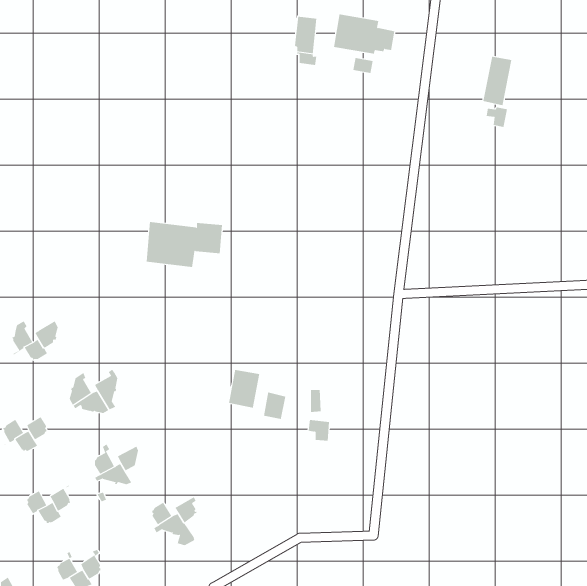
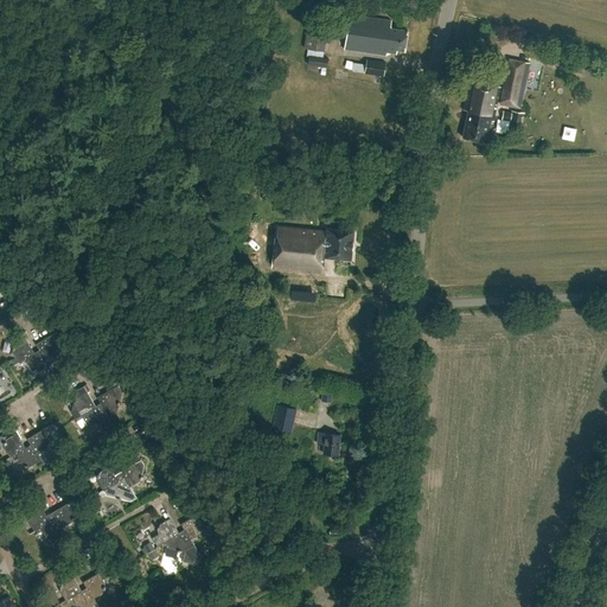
building: none -> [462,82,500,142]
building: [146,221,223,267] -> [274,228,353,275]
building: [228,369,260,409] -> none

